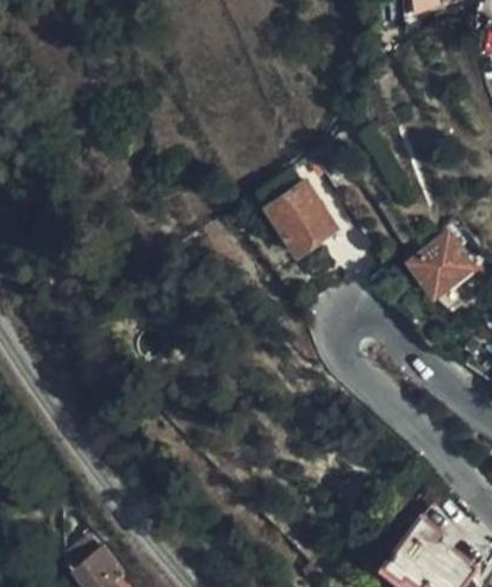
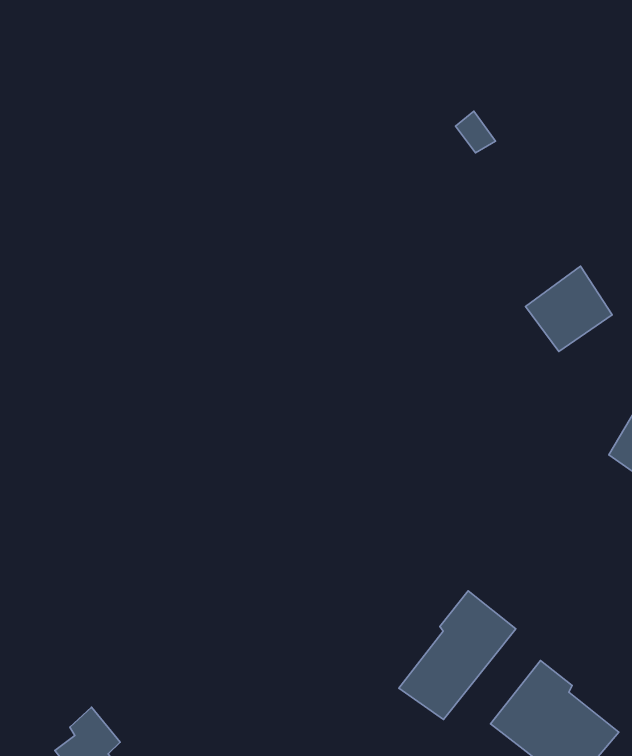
building: [268,185,335,255] -> none
building: none -> [399,591,516,720]

